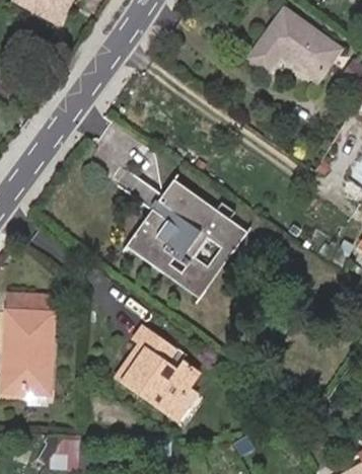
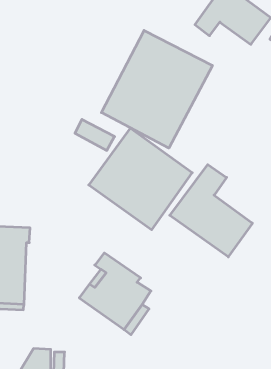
building: none -> [101,30,212,148]
building: none -> [170,165,252,257]

